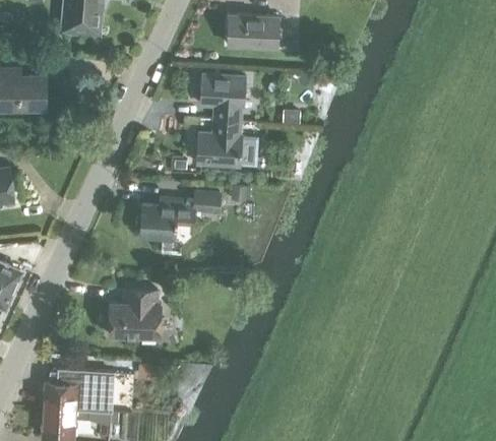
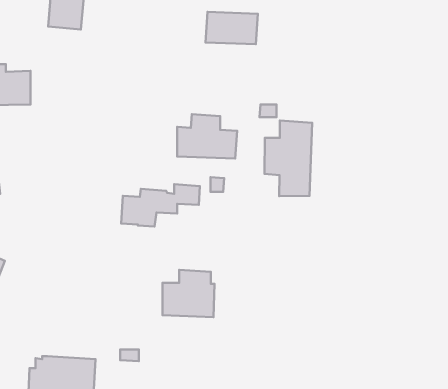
building: [201,74,246,122] -> none
building: none -> [265,120,312,196]
building: [109,289,163,337] -> [162,270,215,317]

